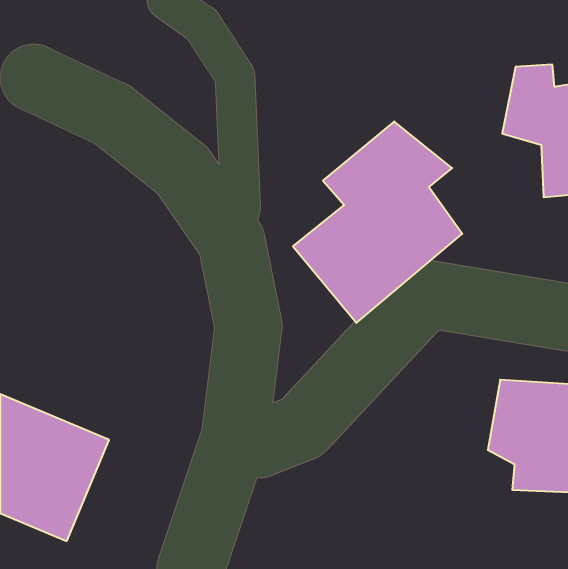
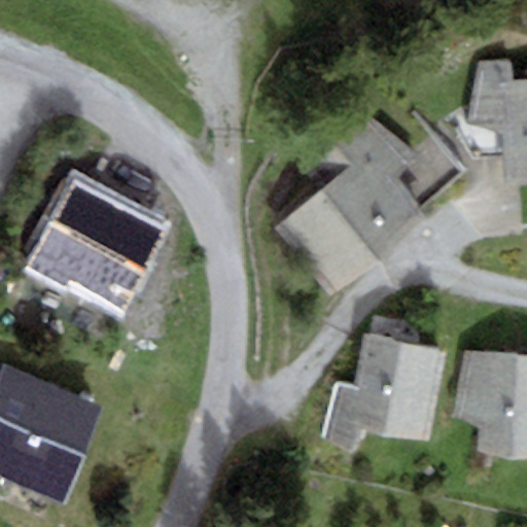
building: none -> [31,181,165,307]
building: none -> [320,331,446,454]

